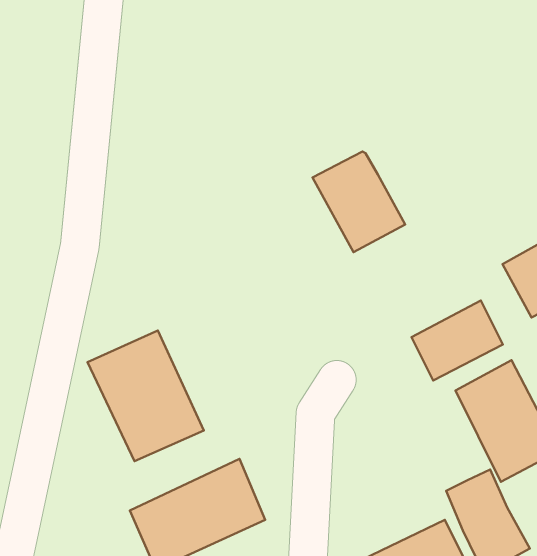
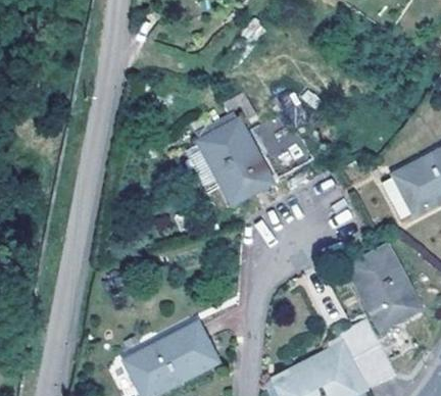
building: none -> [200,121,272,203]
building: [412,300,503,381] -> none
building: [87,330,204,461] -> none

